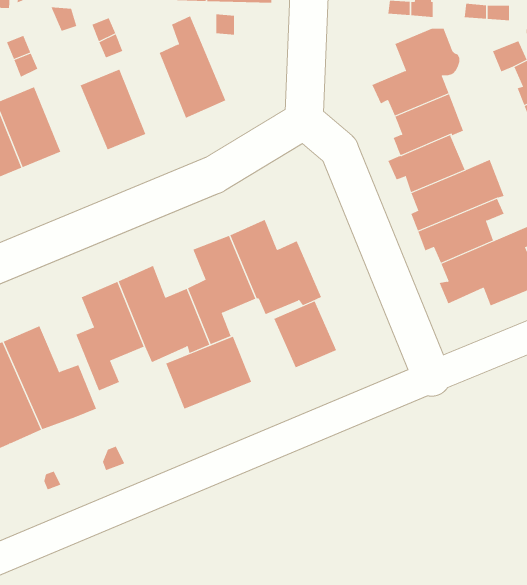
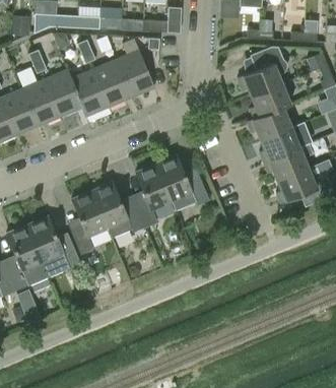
building: none -> [93,60,131,107]
building: none -> [45,70,86,117]
building: [274,301,337,368] -> none
building: [166,336,252,410] -> none

